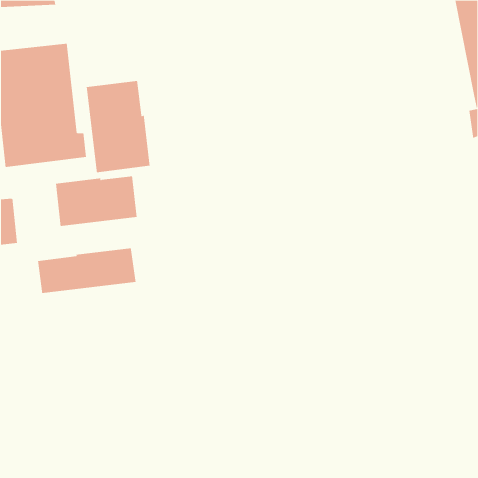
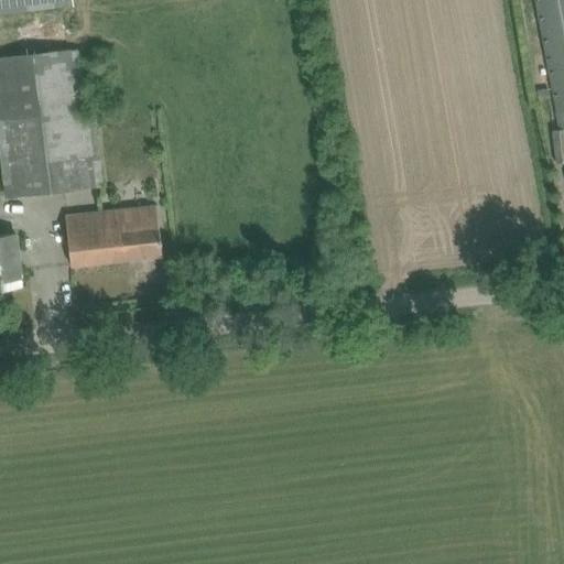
building: [86,80,150,173] -> none
building: [37,248,136,294] -> none

